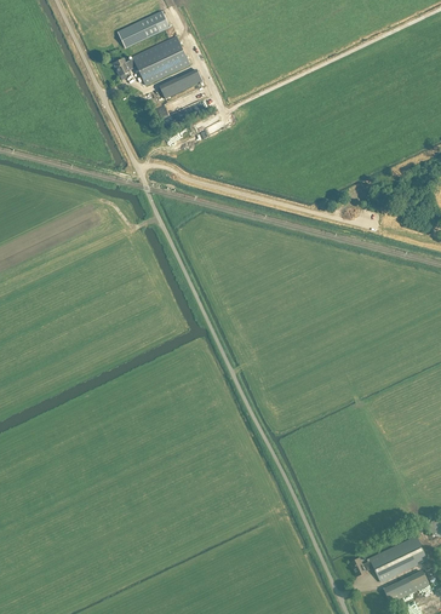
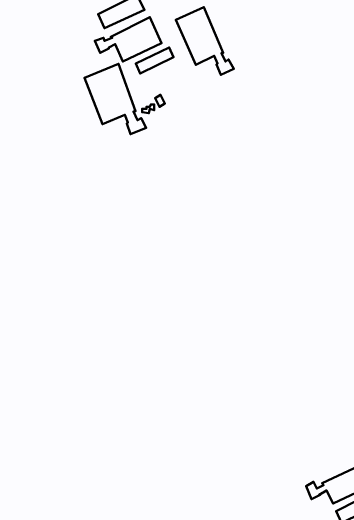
building: none -> [176,7,234,75]
building: none -> [84,64,146,134]

